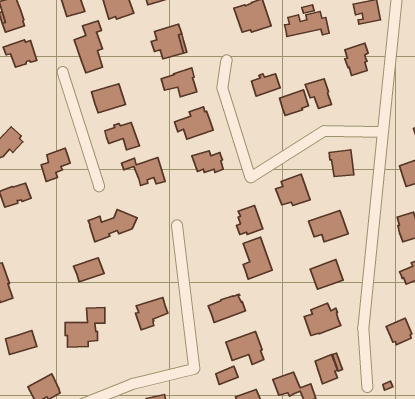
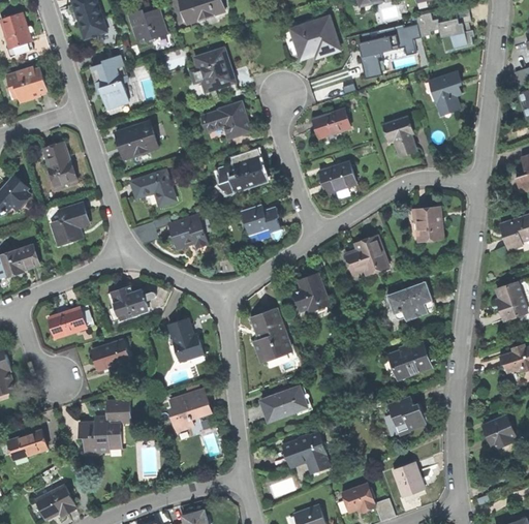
building: [279,90,308,116] -> [318,163,354,195]
building: none -> [42,144,75,187]
building: none -> [49,306,94,339]
building: [243,237,272,279] -> [253,308,289,361]
building: none -> [167,318,204,362]

